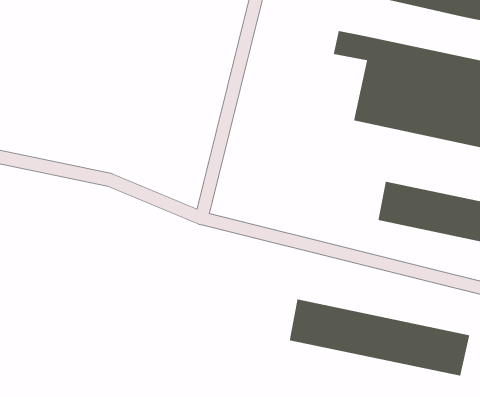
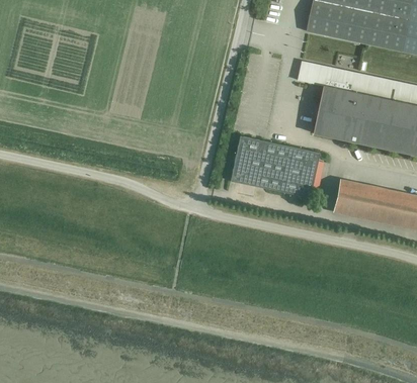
building: none -> [230,136,320,198]
building: [289,299,470,376] -> none

